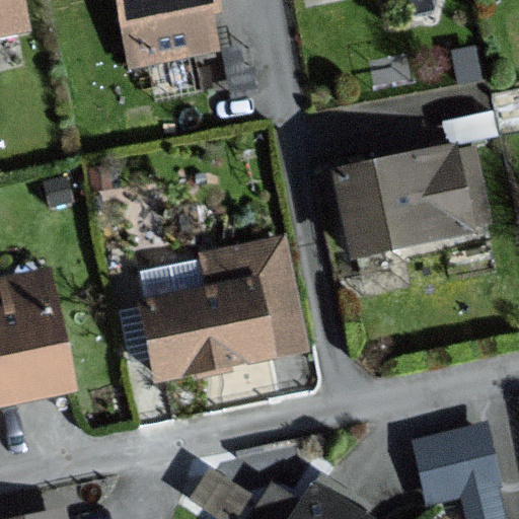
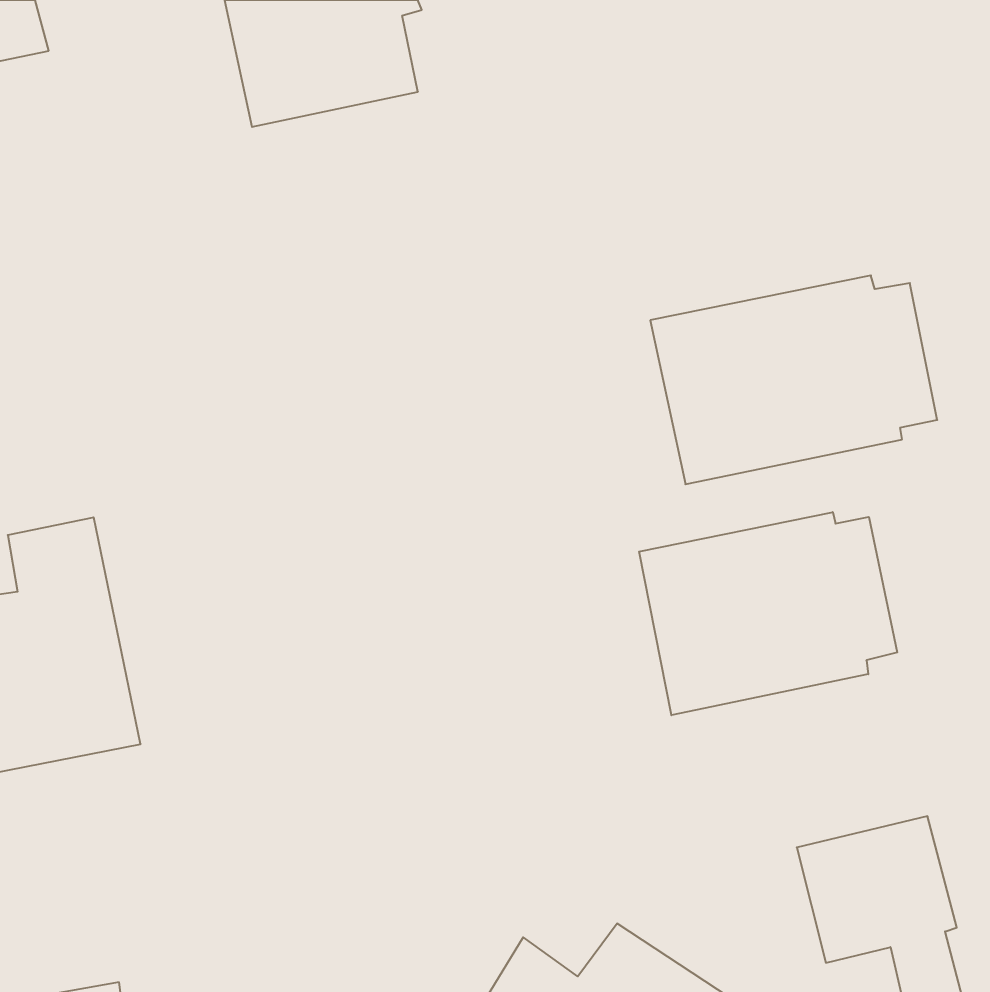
building: [145,241,304,377] -> none
building: none -> [639,512,897,715]

